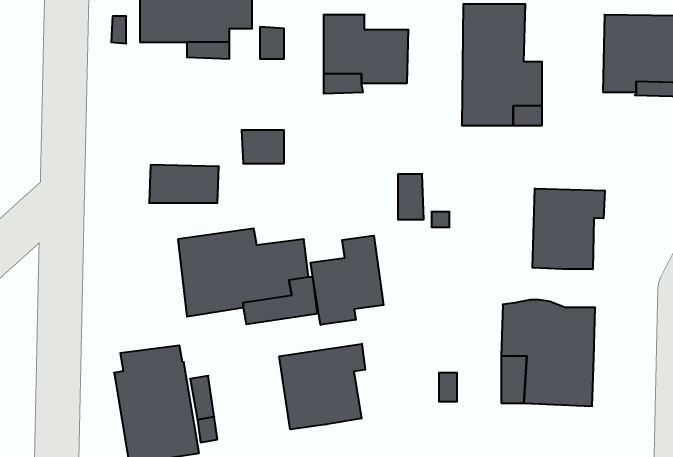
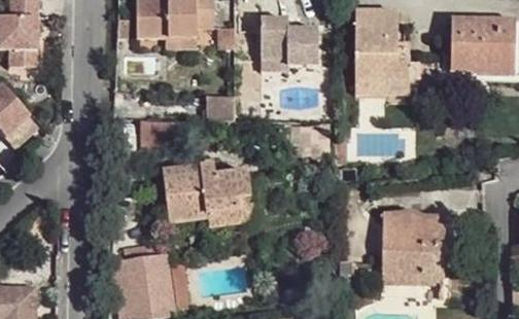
building: [533,188,605,269] -> none
building: [311,236,384,325] -> none
building: [279,344,365,429] -> none

